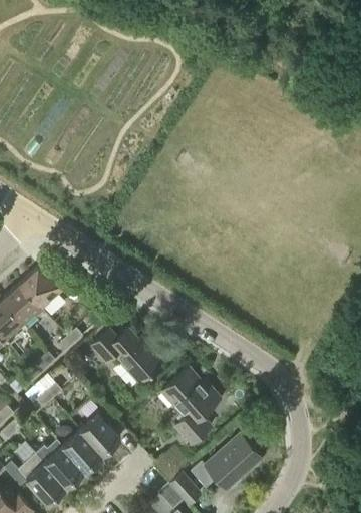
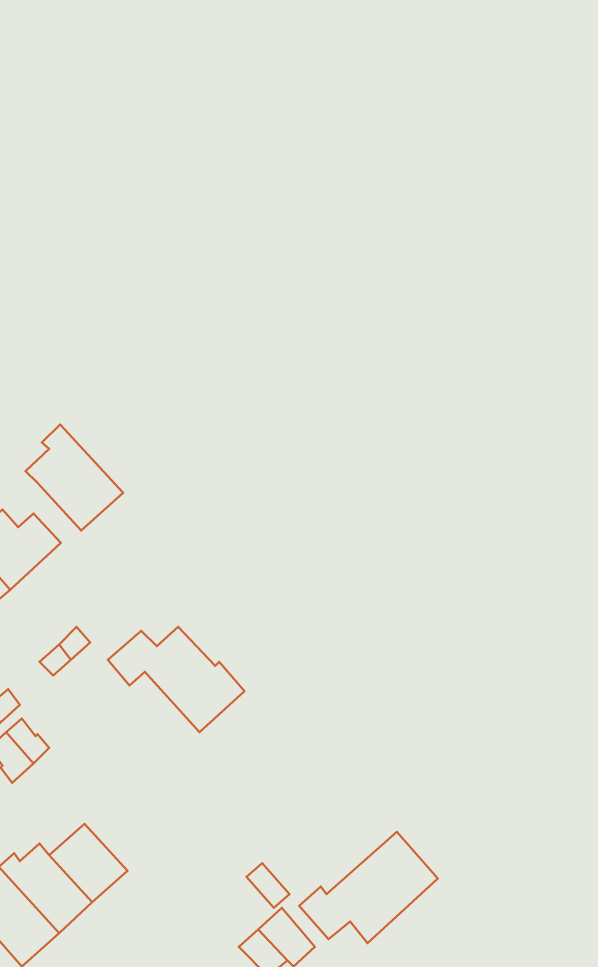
building: none -> [26,425,123,531]
building: [162,370,220,445] -> none
building: [79,414,119,455] -> none

